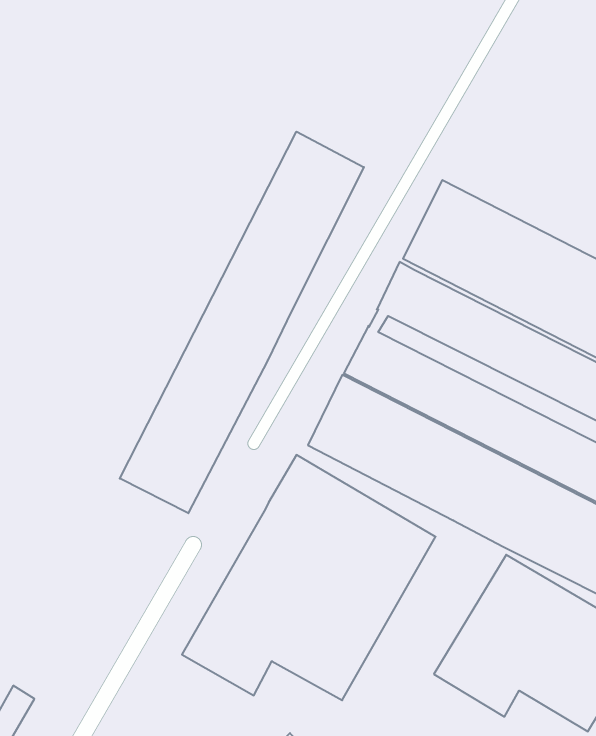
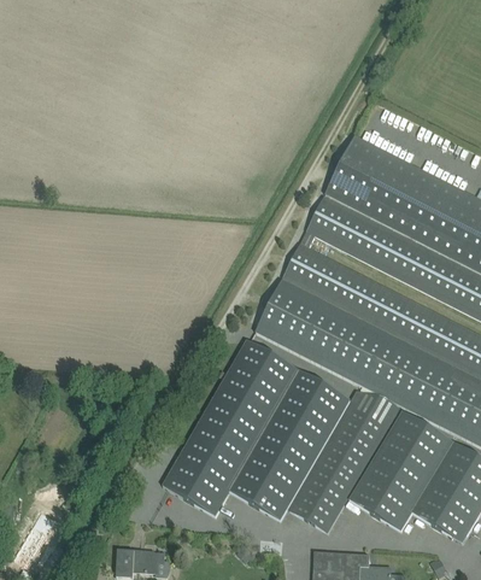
building: [120,132,364,513] -> none
building: none -> [287,392,397,532]

